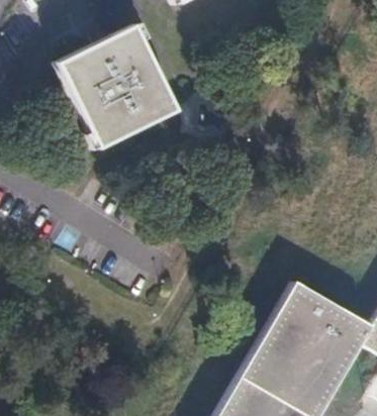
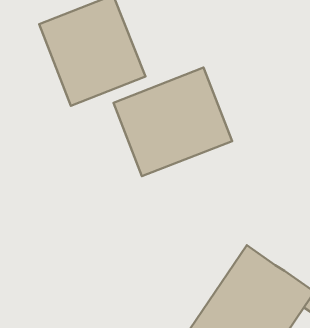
building: none -> [114,67,232,176]

